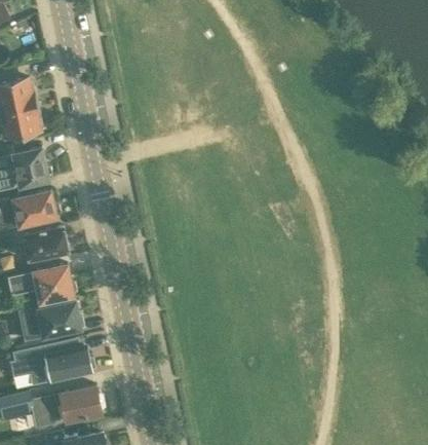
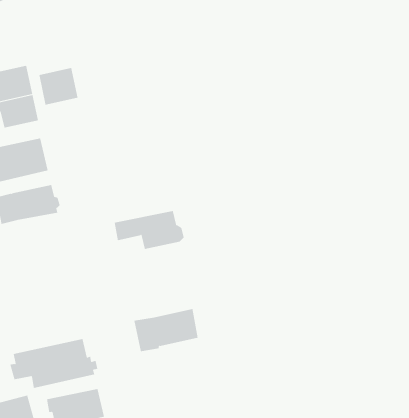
building: none -> [39,67,78,106]
building: [23,227,68,262] -> none
building: [9,265,76,302] -> [114,211,184,250]
building: [16,301,78,342] -> [134,308,199,352]

